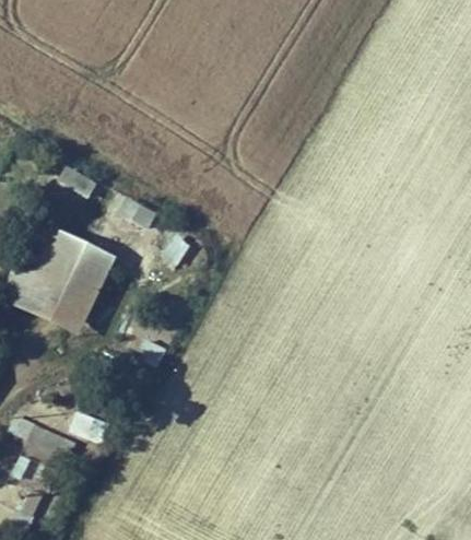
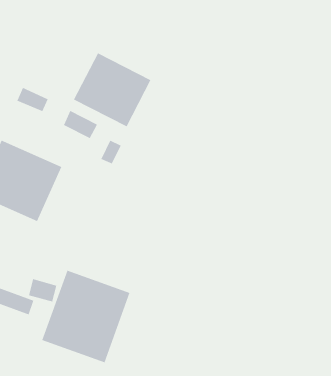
building: none -> [73,52,151,127]
building: none -> [42,270,130,363]

